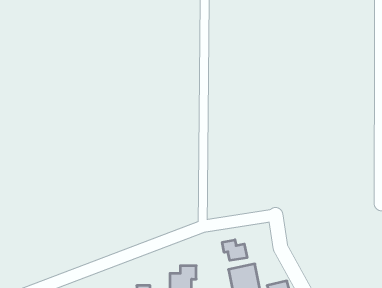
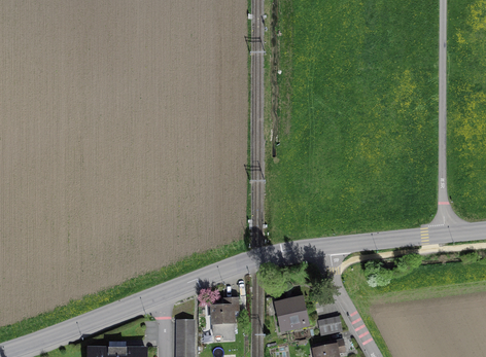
building: [222,240,247,260] -> none

